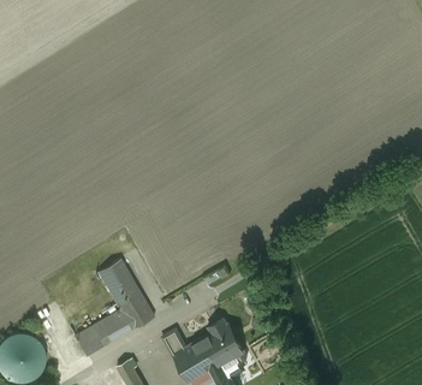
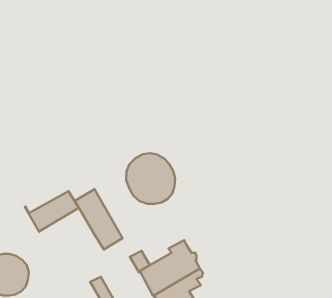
building: none -> [126,153,175,204]
building: [69,309,131,356] -> [25,191,79,232]

